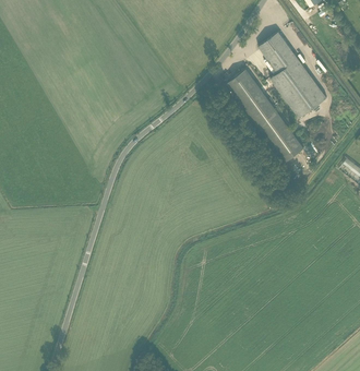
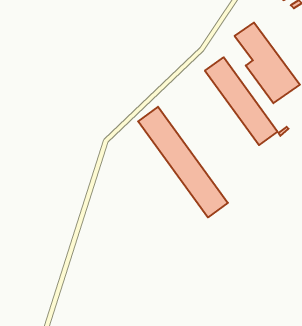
building: none -> [138,107,228,217]

